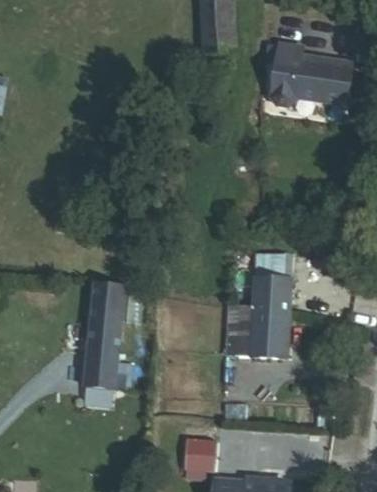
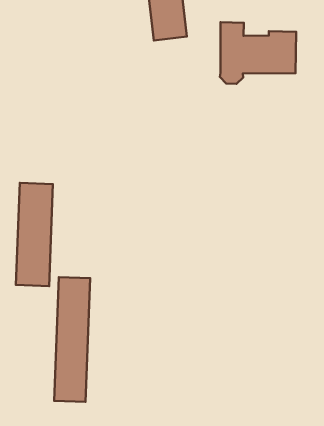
building: none -> [16,183,53,286]
building: [226,257,292,361] -> none

